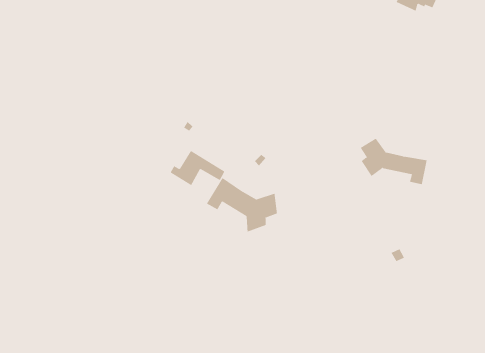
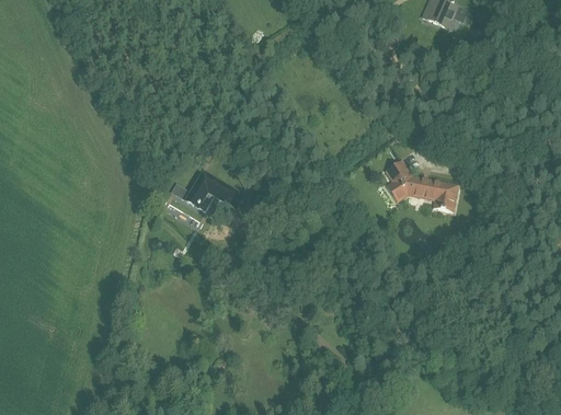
building: [206,177,278,232] -> none

